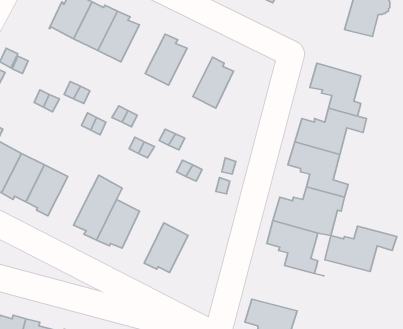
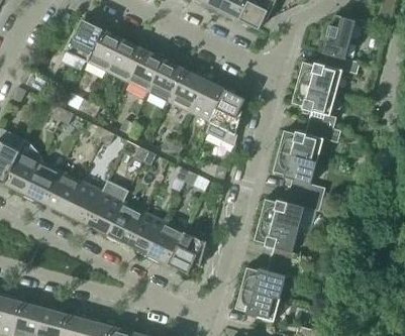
building: none -> [126,48,165,91]
building: none -> [297,53,359,93]
building: none -> [168,69,206,111]
building: none -> [203,89,244,147]
building: none -> [63,181,101,223]
building: none -> [127,211,164,256]
building: [325,226,397,271] -> [240,258,303,298]
building: none -> [169,232,206,273]

